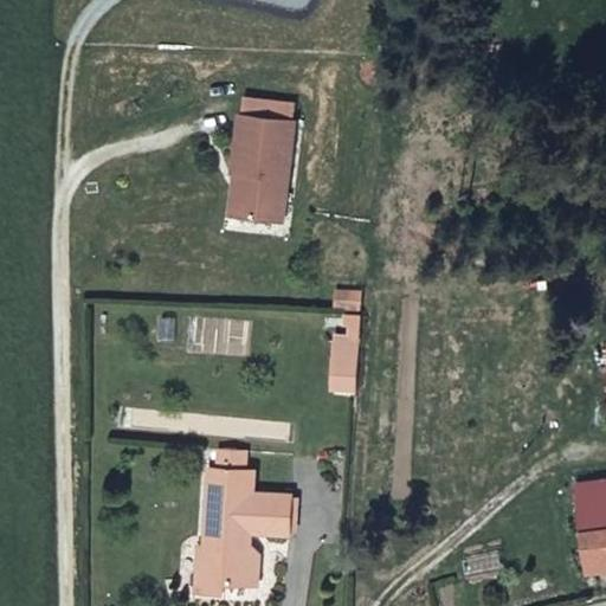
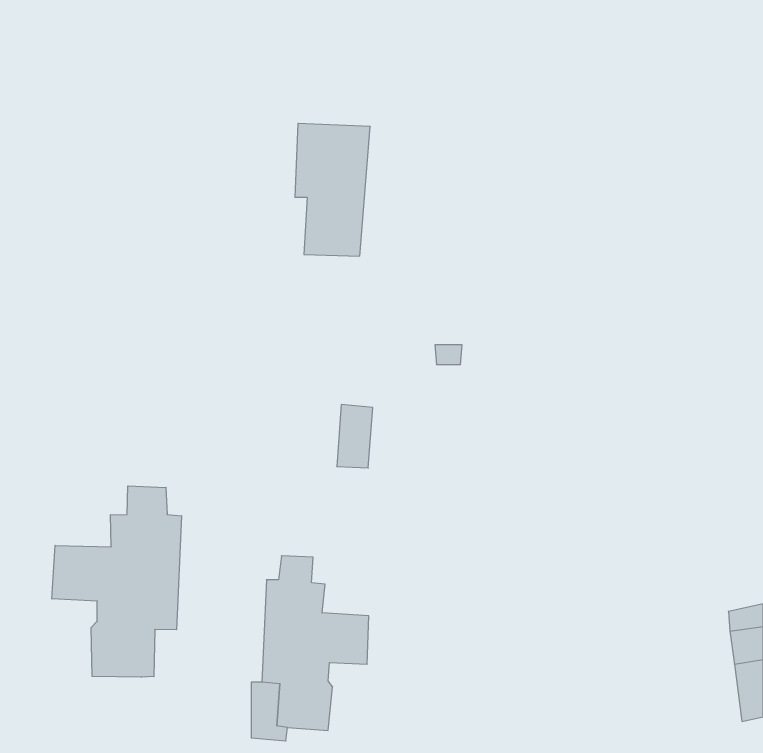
building: [335,336,363,386] -> [337,405,373,468]
building: none -> [52,486,182,677]

